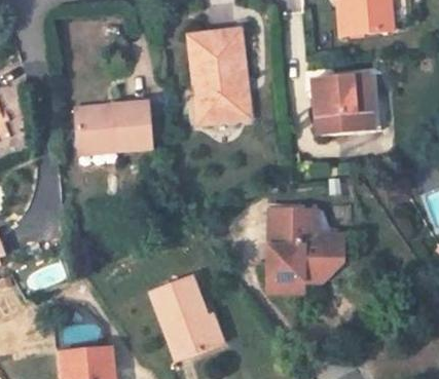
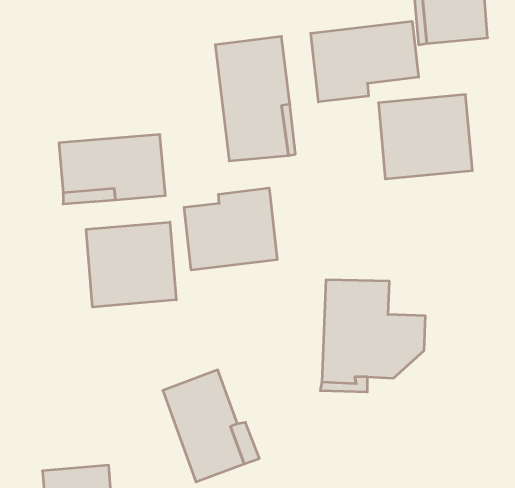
building: none -> [311,21,419,102]
building: none -> [184,188,277,270]
building: none -> [86,222,176,307]

